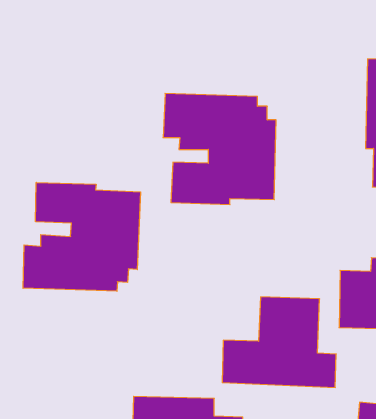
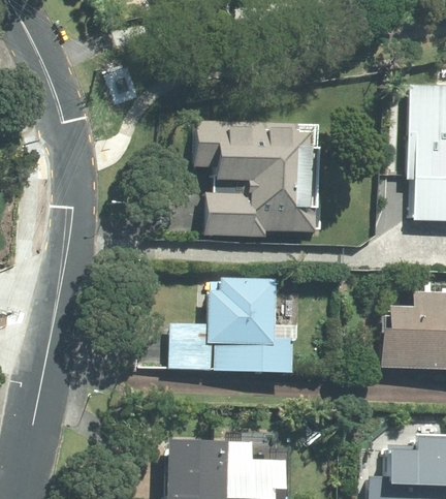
building: [23,182,140,291] -> none
building: [222,297,336,387] -> [170,278,290,373]

